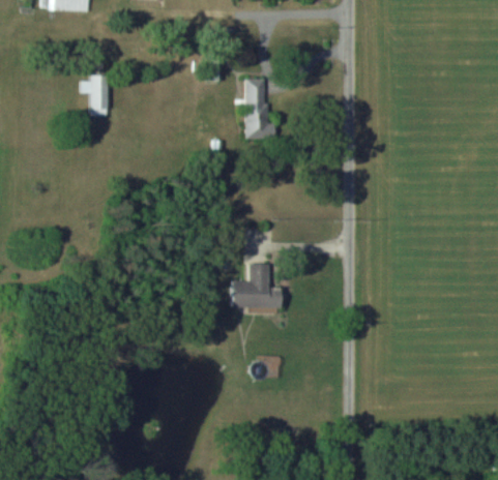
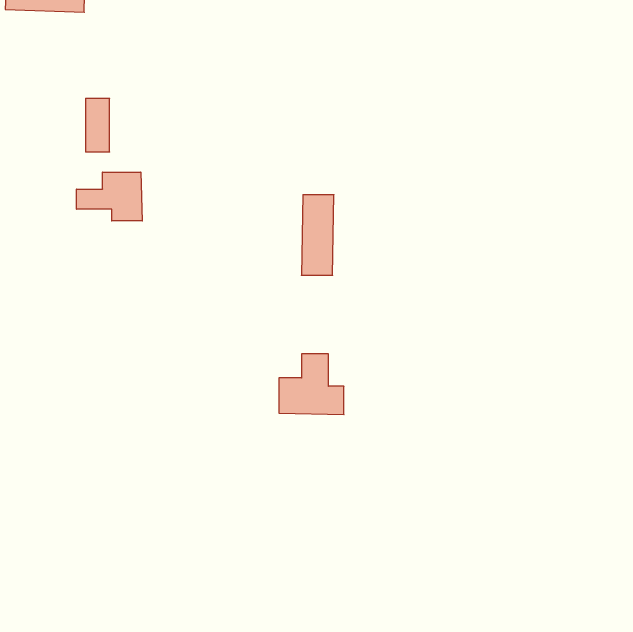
building: [245,80,269,139] -> [301,195,334,275]
building: none -> [77,172,142,221]

